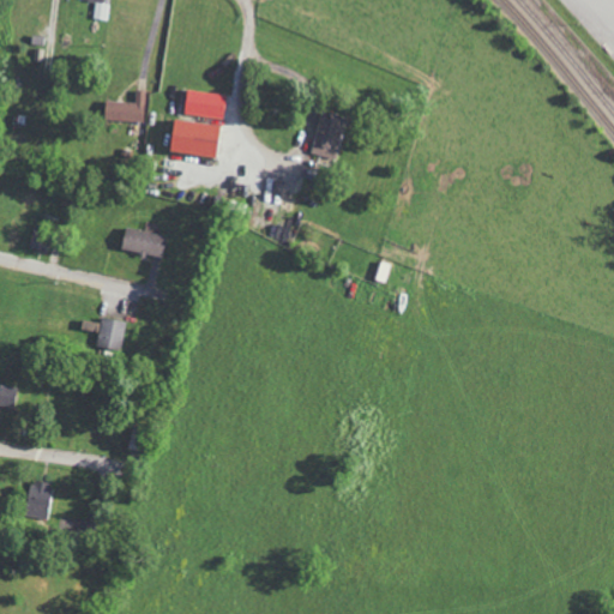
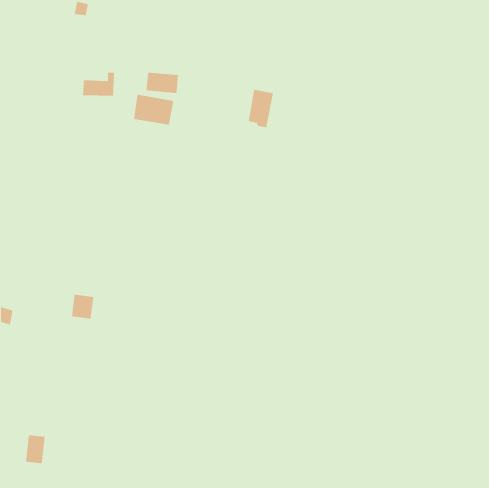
building: [120,230,165,255] -> none
building: [96,319,125,351] -> [71,294,94,320]
building: [25,482,50,519] -> [25,434,45,464]

